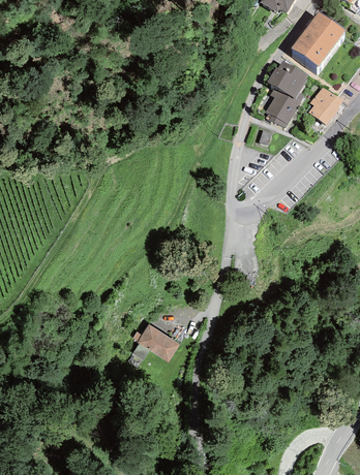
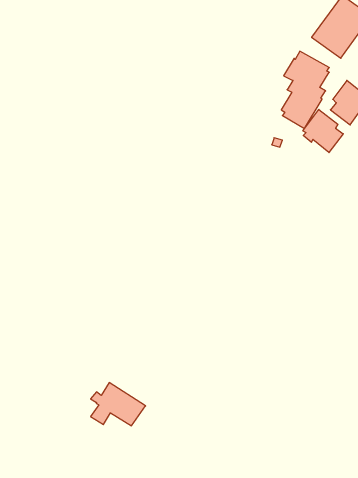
building: none -> [303,109,343,153]
building: [131,323,180,361] -> [91,383,146,426]

